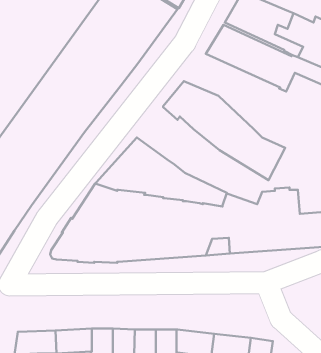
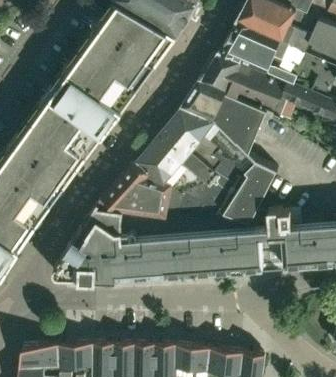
building: none -> [181,79,266,152]
building: none -> [136,131,262,224]

